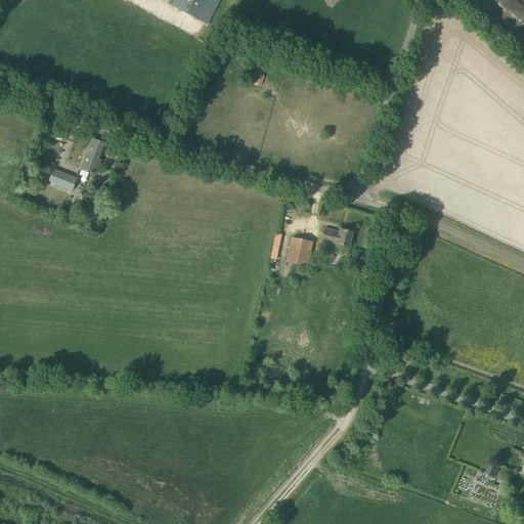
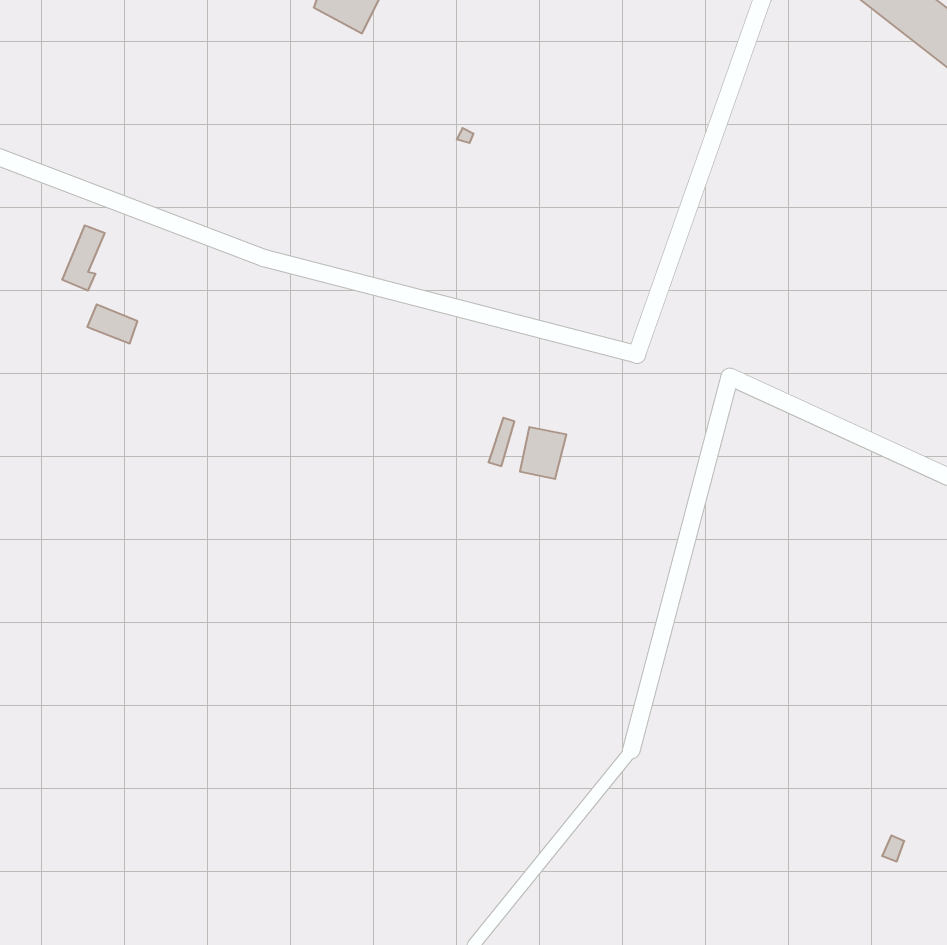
building: [81,137,104,173] -> [62,226,105,291]
building: [321,226,353,246] -> none

